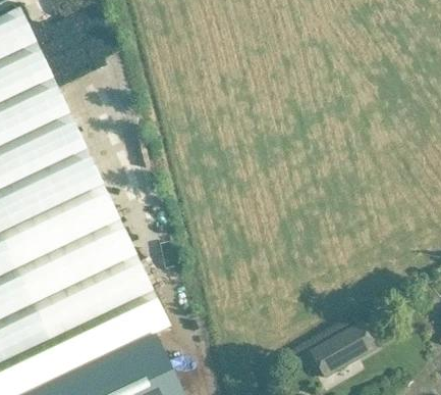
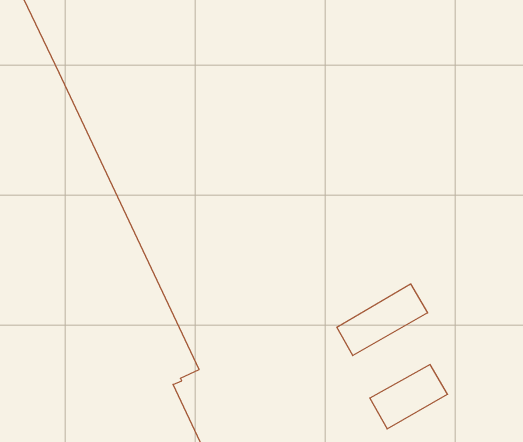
building: none -> [337,284,428,356]

